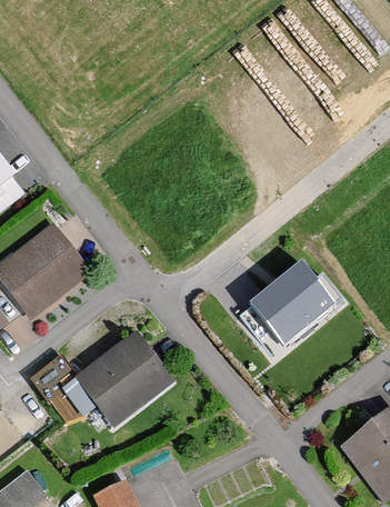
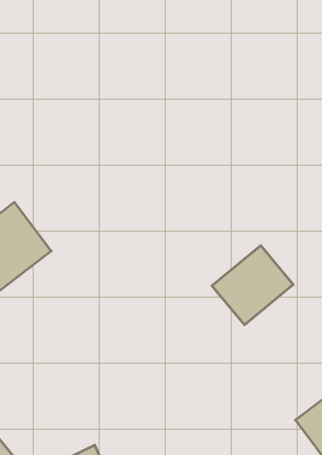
building: [76,334,169,425] -> none

